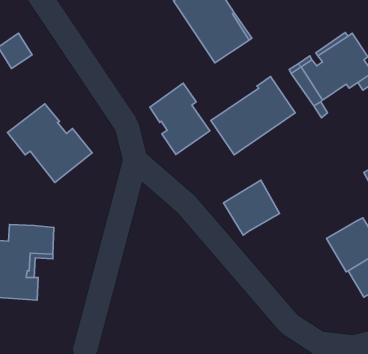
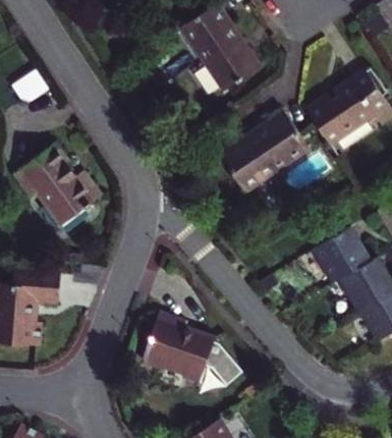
building: [150,83,210,155] -> none
building: [223,180,279,235] -> [316,228,374,285]
building: none -> [139,310,241,387]

